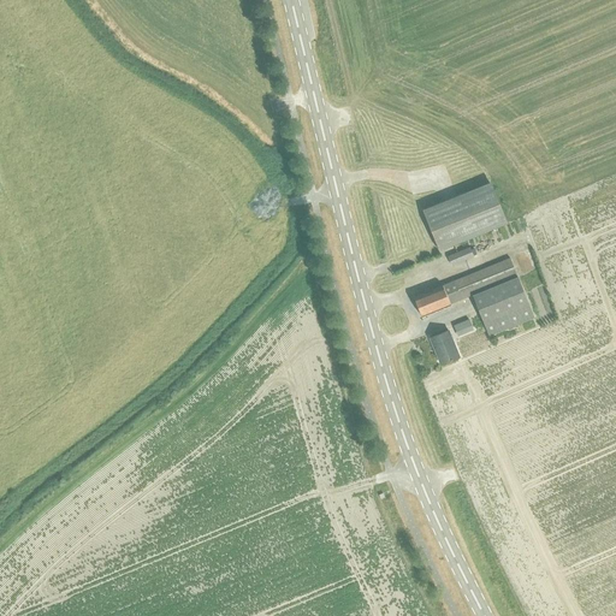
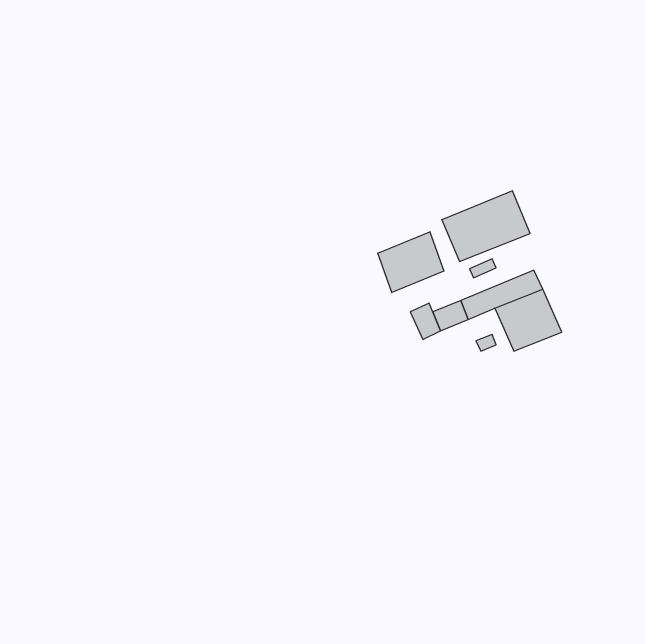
building: none -> [378,232,444,293]
building: [431,330,460,365] -> [410,303,441,340]

